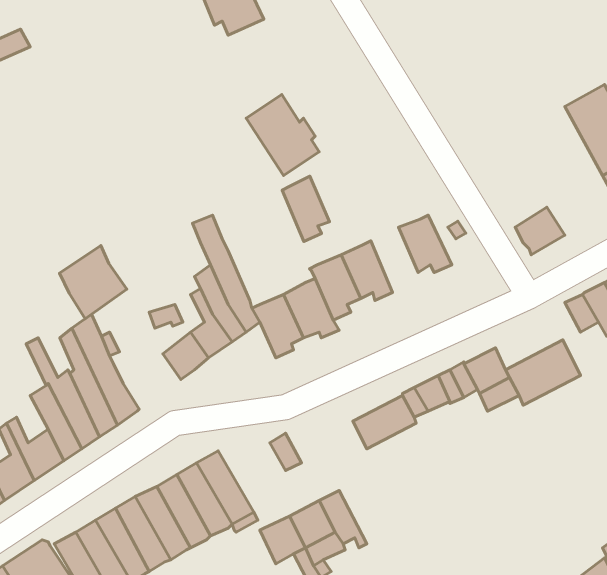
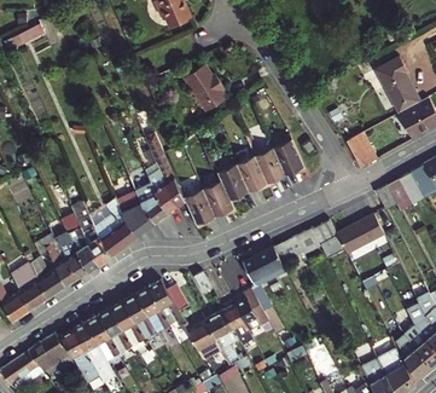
building: [282,176,330,242] -> [256,144,285,184]
building: [59,246,127,319] -> [99,210,140,255]
building: none -> [237,288,264,337]

